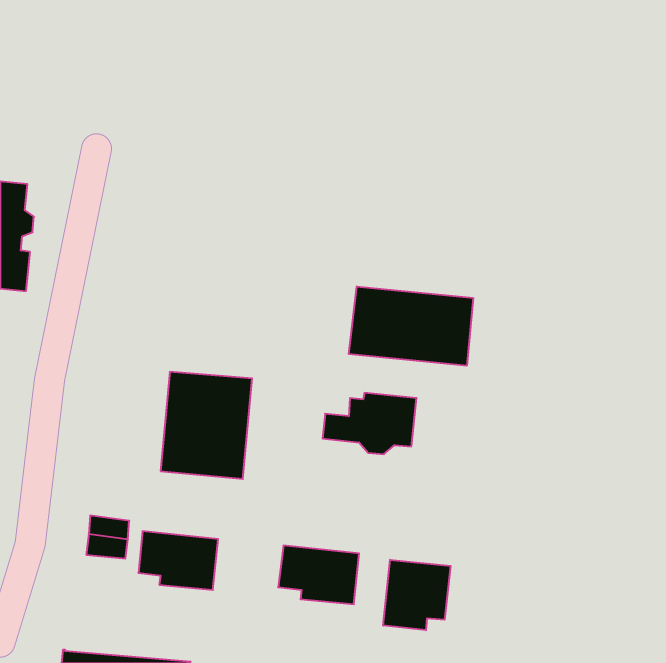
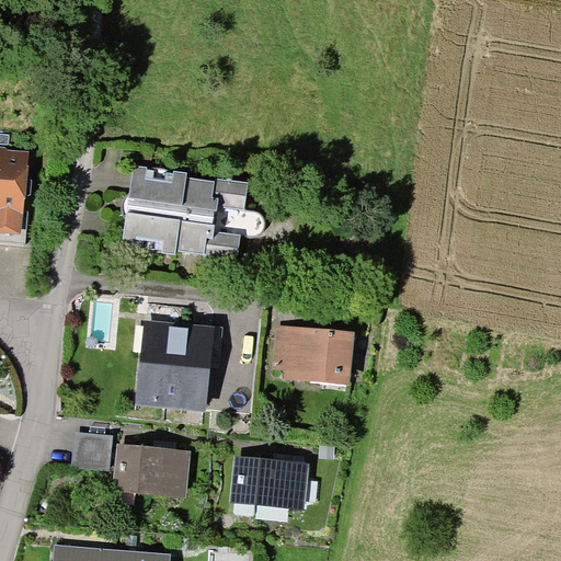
building: none -> [121,167,252,262]
building: [349,286,473,366] -> none
building: [383,560,451,630] -> none

